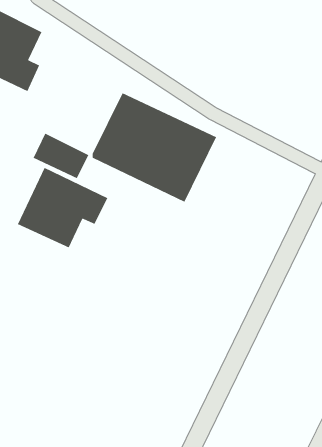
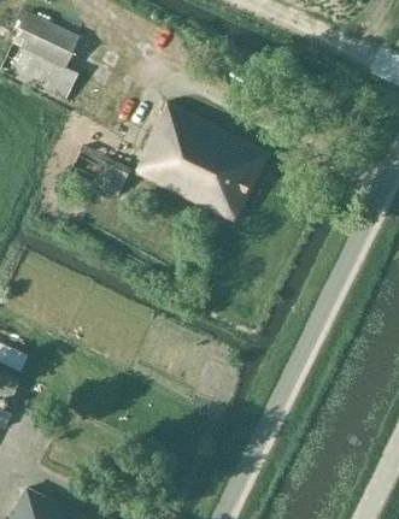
building: [17,167,108,248] -> none

